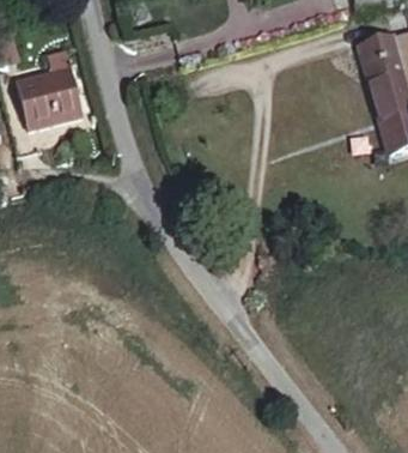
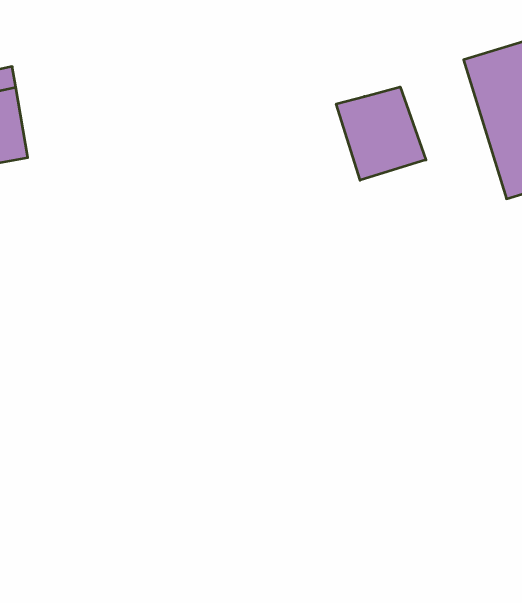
building: none -> [336,87,426,180]

